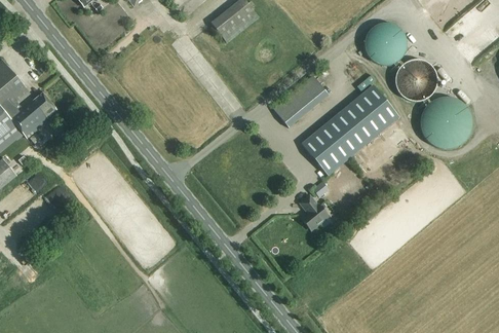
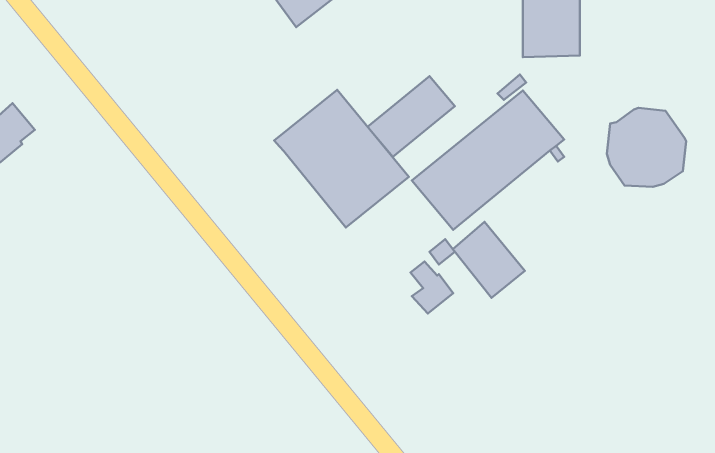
building: [397,55,446,104] -> none
building: none -> [274,90,409,228]
building: none -> [453,222,525,298]

